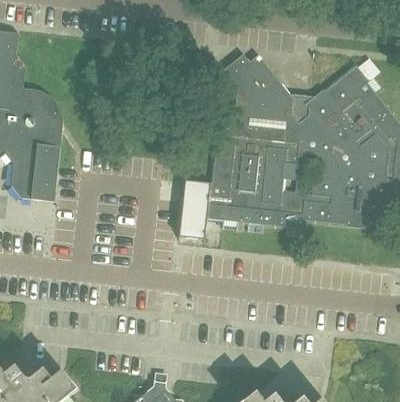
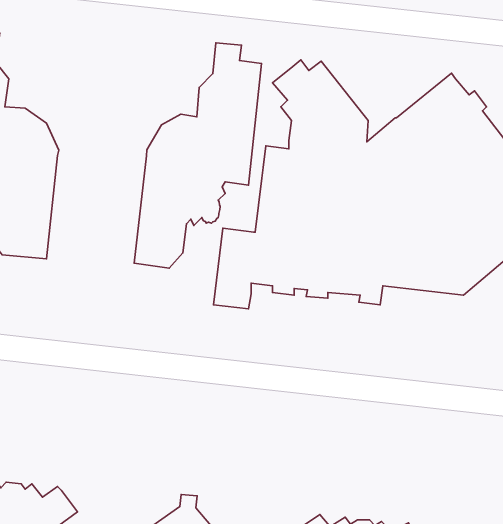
building: none -> [134,43,262,268]

